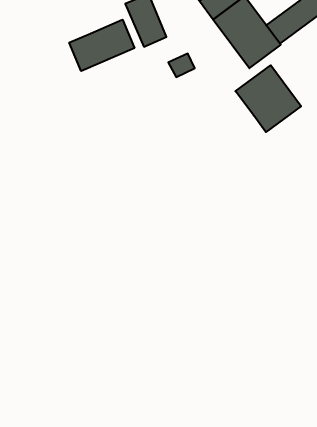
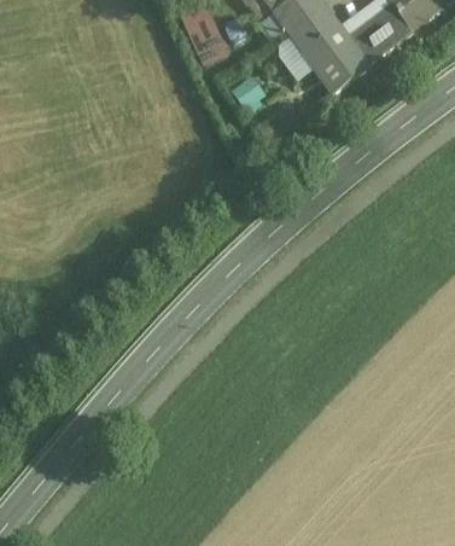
building: [69,20,134,71] -> none
building: [235,65,301,132] -> none

